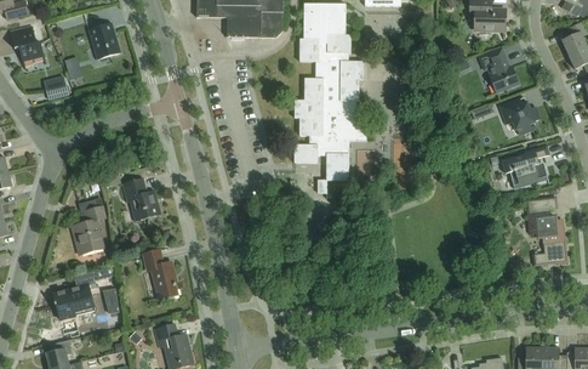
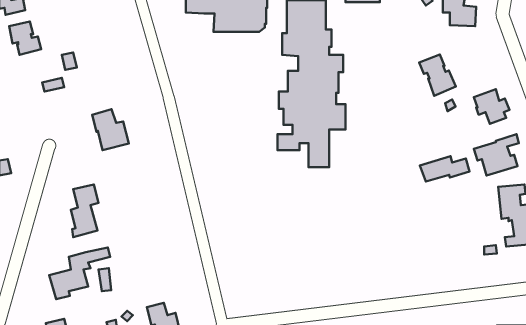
building: [87,22,120,58] -> none
building: [479,49,518,92] -> [419,54,456,96]
building: none -> [420,156,469,182]
building: [121,177,160,221] -> [92,109,129,150]
building: [142,250,176,297] -> none

